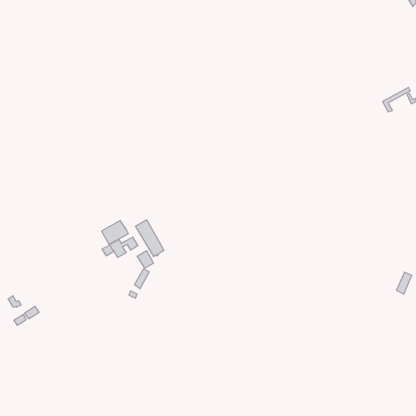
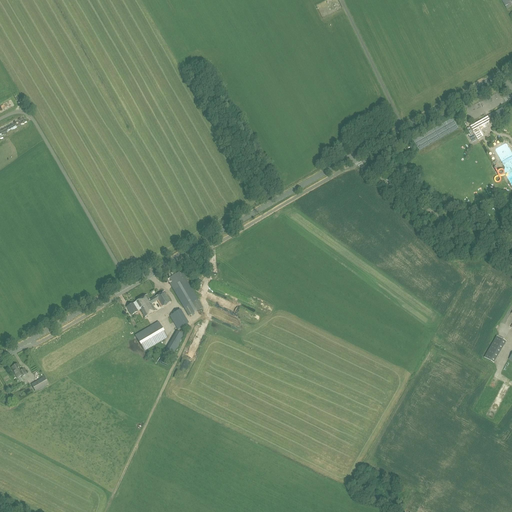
building: [102,221,128,244] -> [134,320,167,349]

